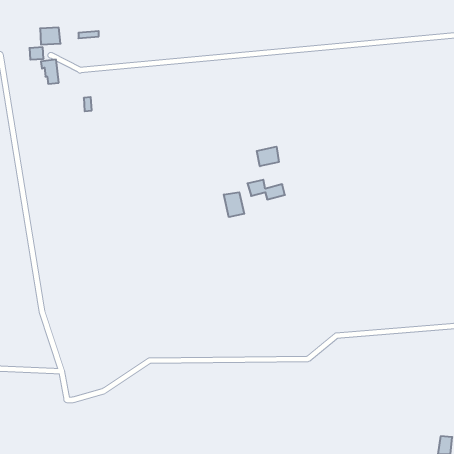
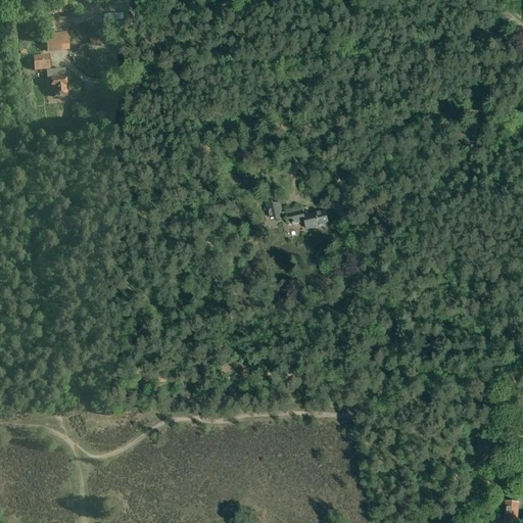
building: [257,147,279,166] -> none
building: [224,192,244,217] -> none

